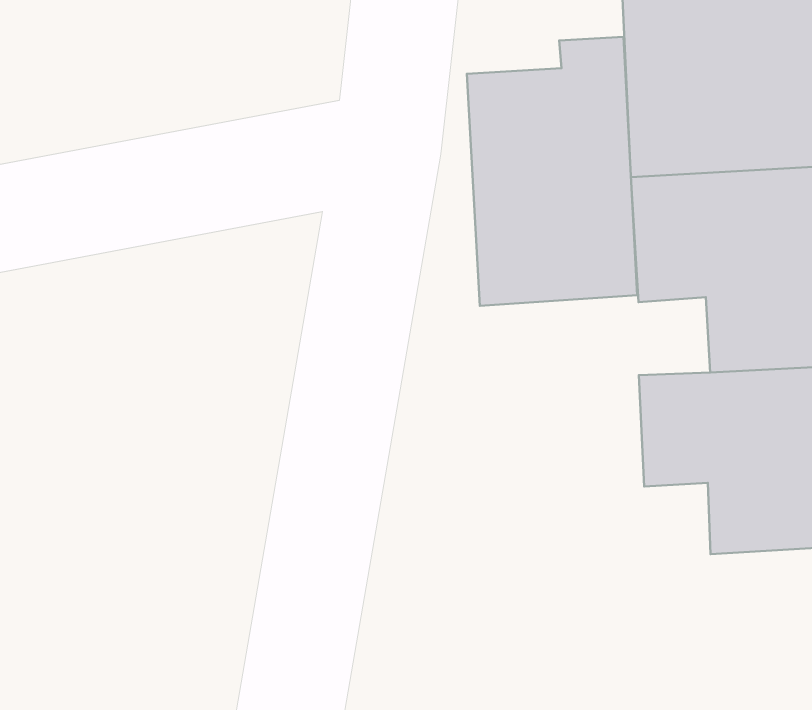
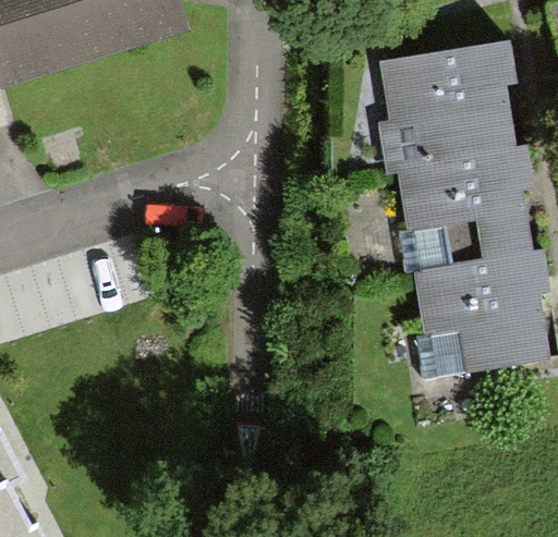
building: [467,37,637,306] -> none

